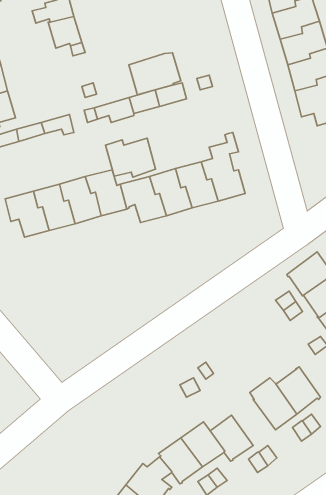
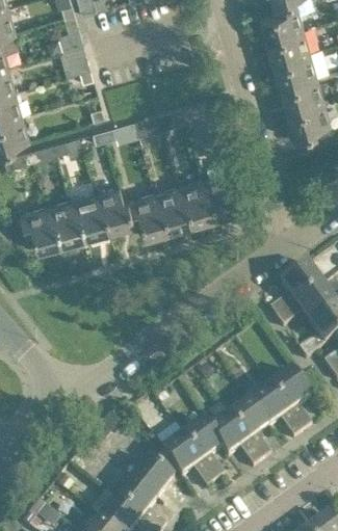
building: [129,53,181,95] -> none
building: [106,138,156,177] -> none
building: none -> [229,398,269,441]

